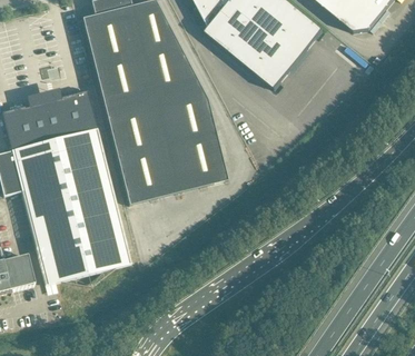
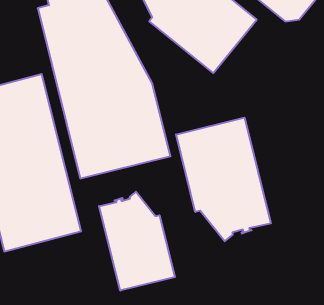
building: none -> [176,118,271,241]
building: none -> [99,192,175,291]

